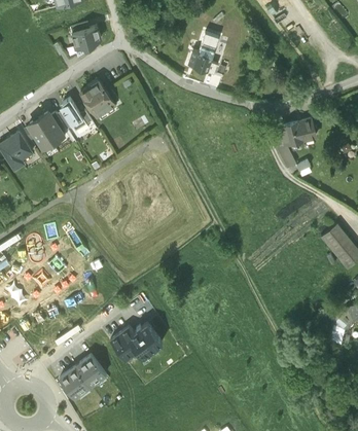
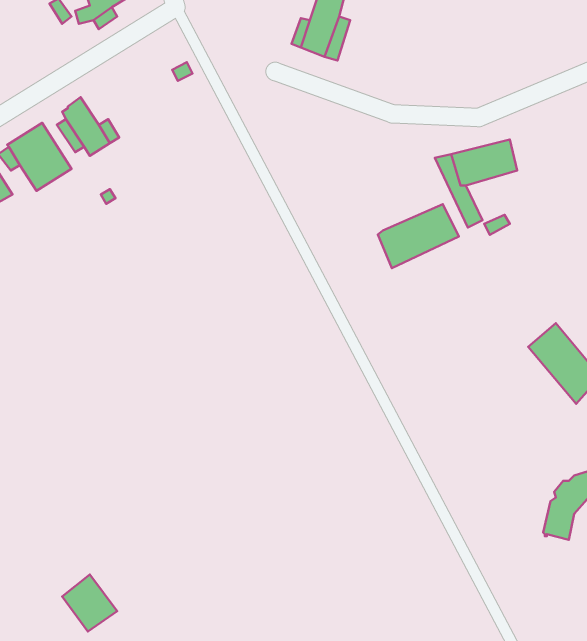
building: [80,79,115,117] -> none
building: none -> [378,204,459,268]
building: [110,322,163,360] -> none
building: [75,354,106,386] -> none

